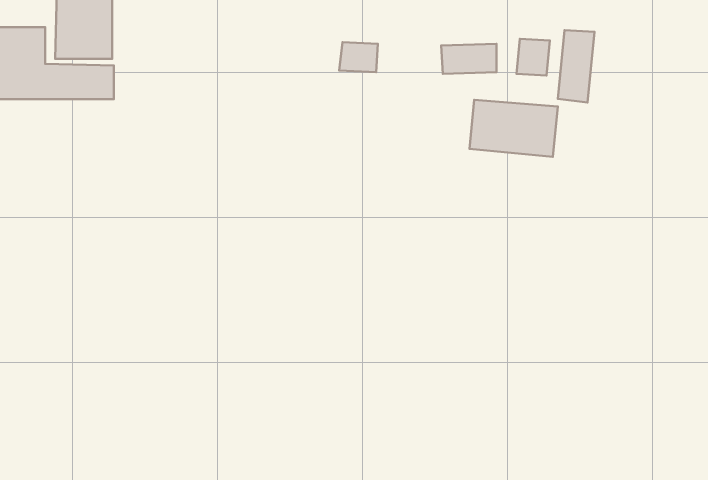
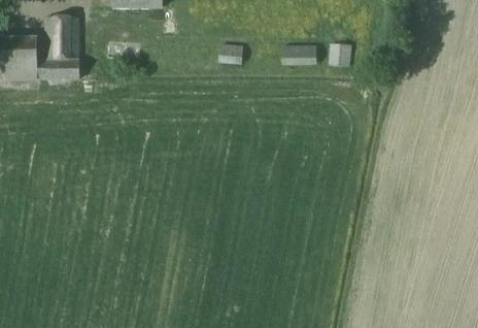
building: [558,30,594,103] -> none
building: [470,100,558,157] -> none

